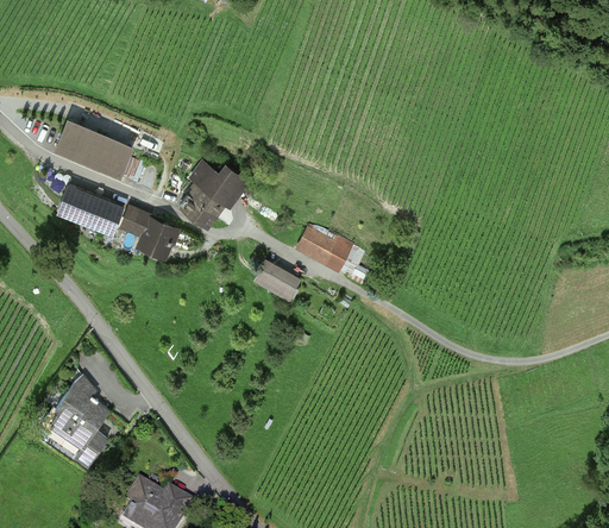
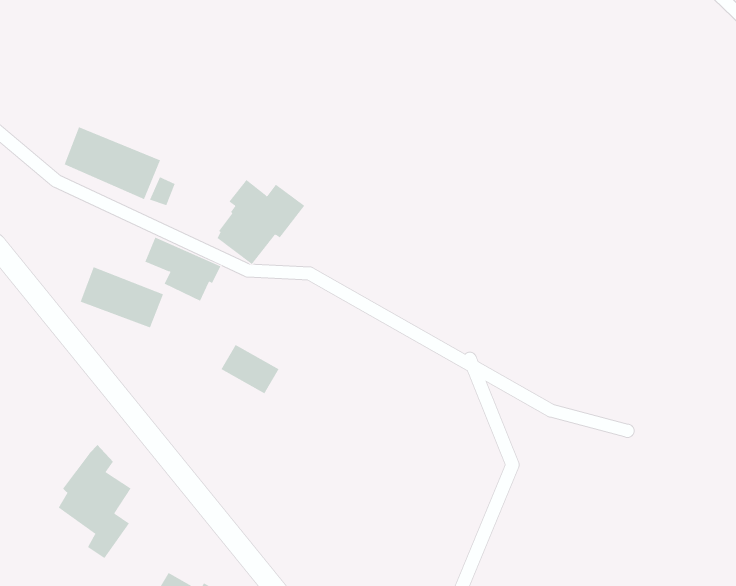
building: [55,183,123,233] -> [80,266,164,328]
building: [293,226,352,274] -> none
building: [252,259,300,300] -> [221,344,279,394]

